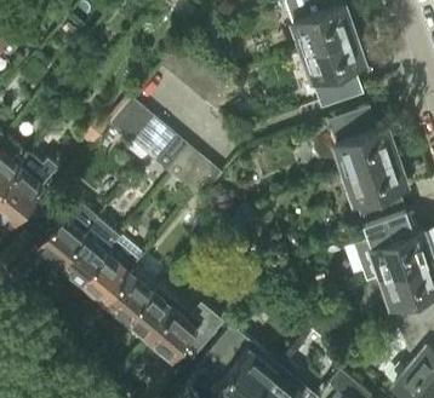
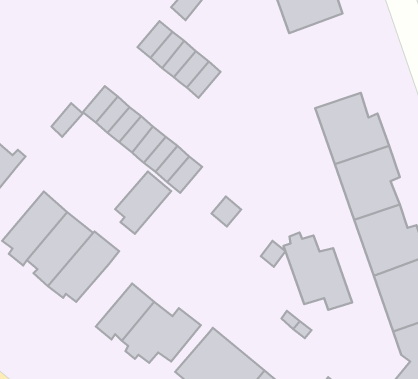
building: [302,34,362,104] -> none
building: none -> [283,233,352,310]
building: [103,267,155,325] -> [115,172,171,234]

